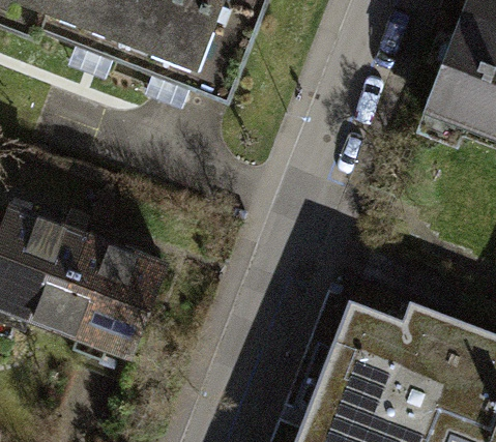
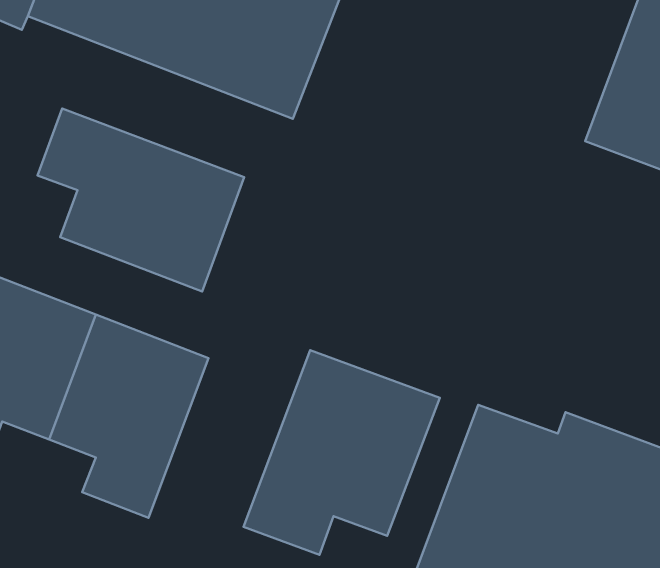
building: none -> [38,109,244,291]
building: none -> [243,350,440,555]

